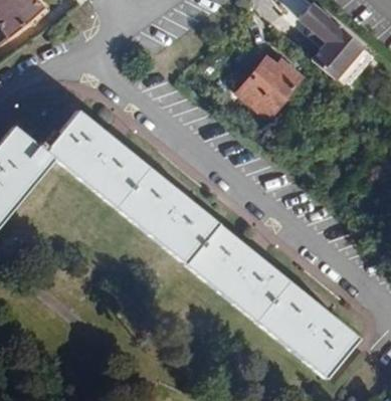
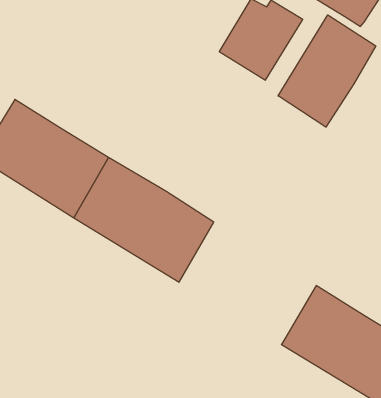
building: none -> [278,15,376,127]
building: [184,221,287,321] -> none

